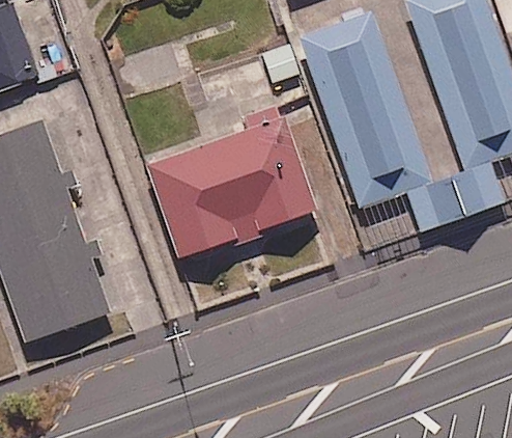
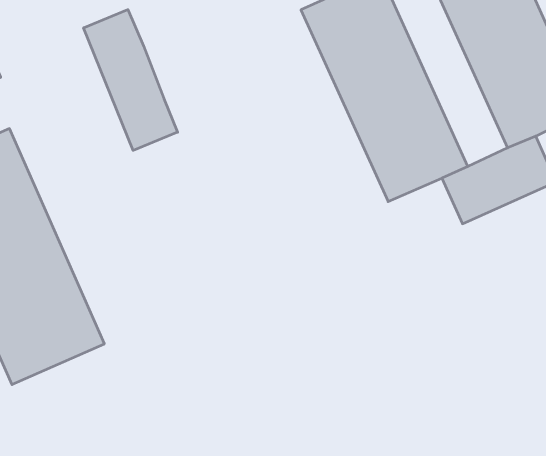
building: none -> [84,10,178,150]
building: [148,117,313,252] -> none

